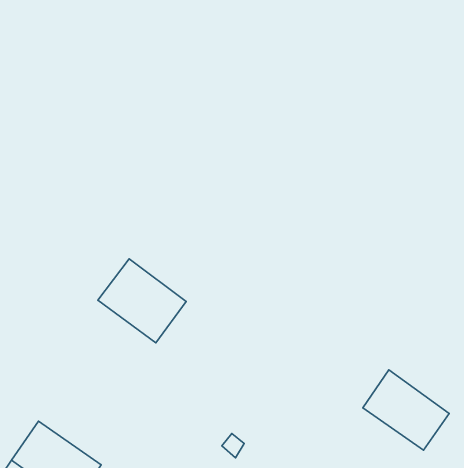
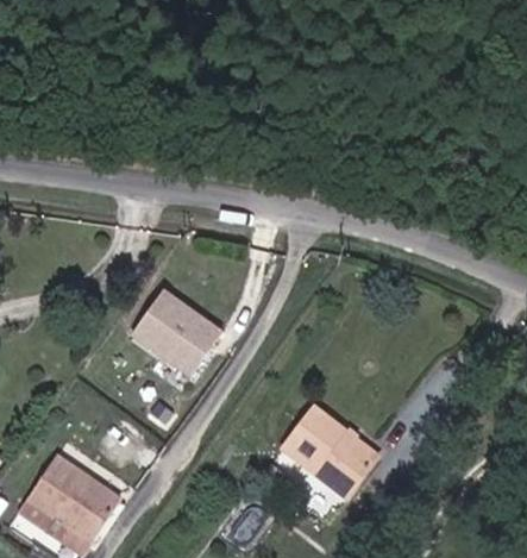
building: [363,370,449,450] -> [278,413,370,499]

